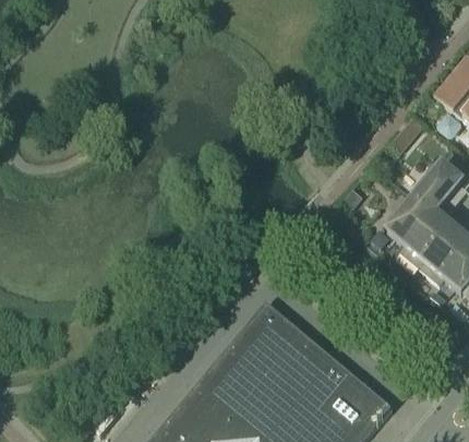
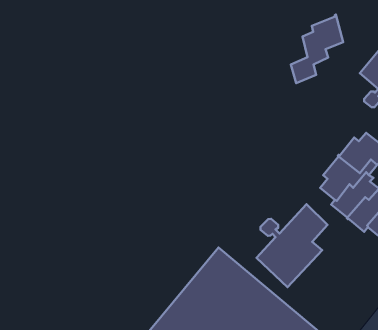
building: none -> [291,15,343,83]
building: none -> [256,204,328,287]

